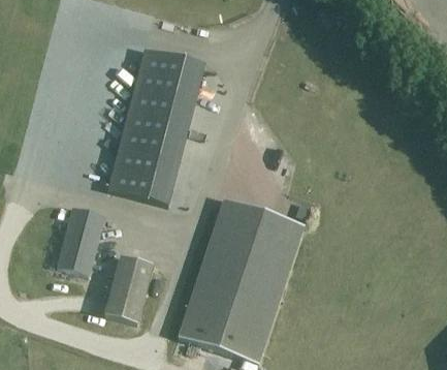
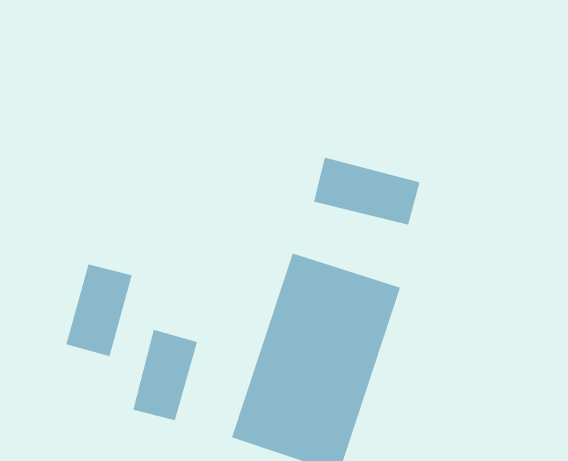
building: [107,50,205,206] -> none
building: none -> [314,157,420,225]

